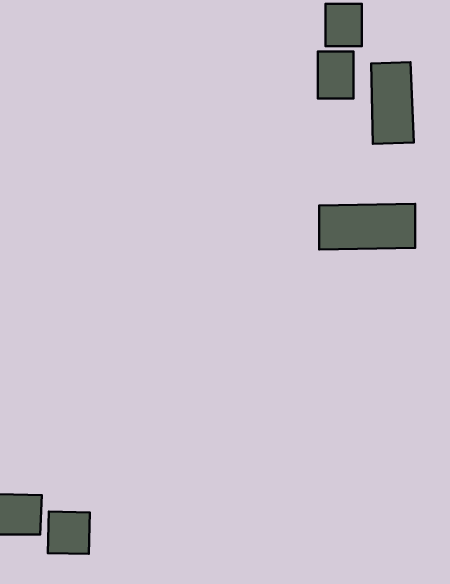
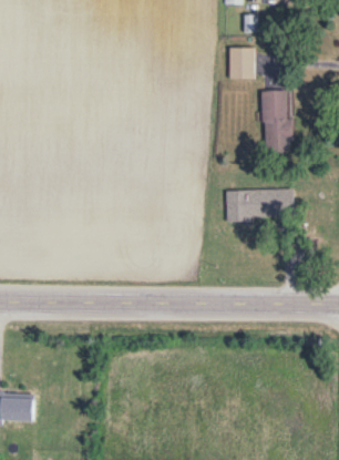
building: [318,52,354,98] -> none
building: [48,511,90,554] -> none

